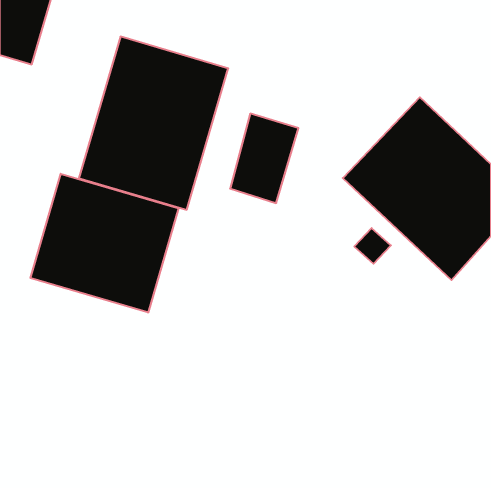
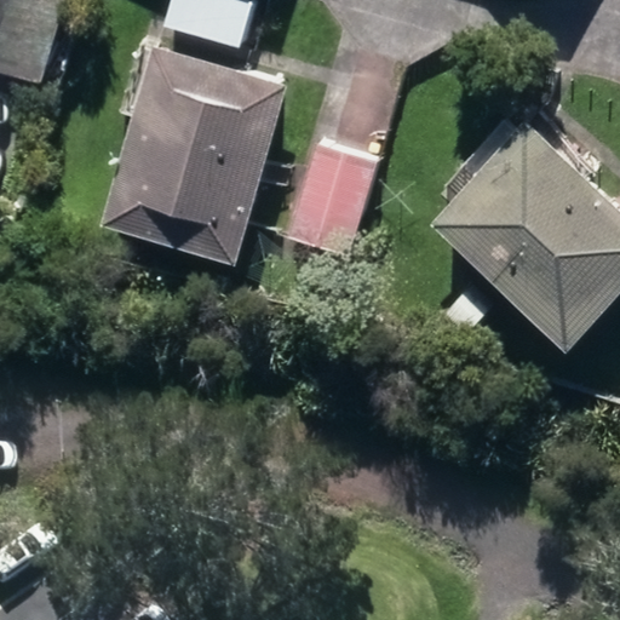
building: [30,174,179,313] -> none

